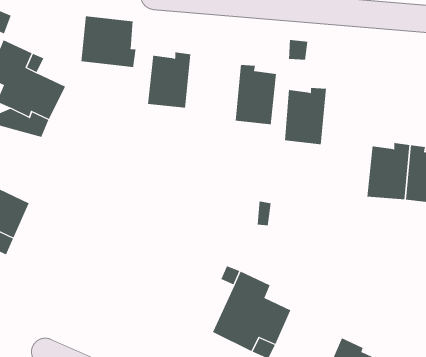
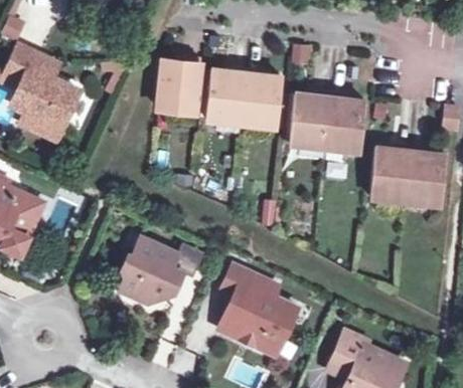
building: [81,16,136,68] -> none
building: none -> [206,68,248,125]
building: none -> [326,93,365,151]
building: none -> [121,239,182,302]

